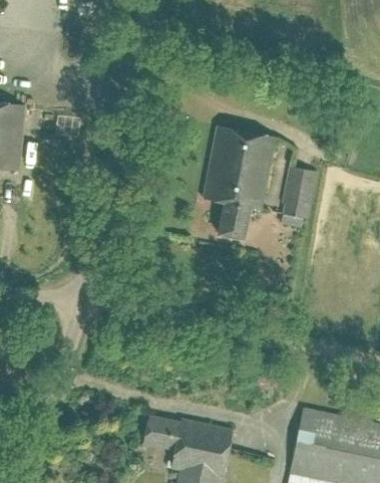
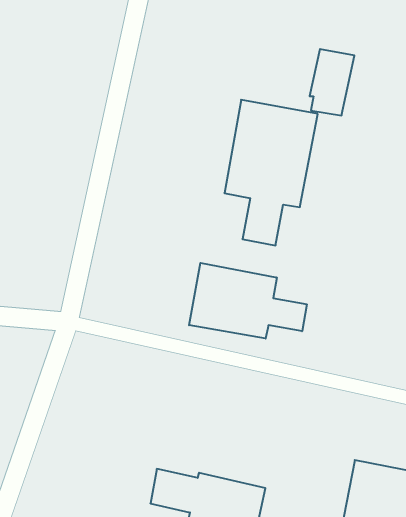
building: [283,167,318,219] -> [310,49,354,115]
building: none -> [189,263,307,339]

